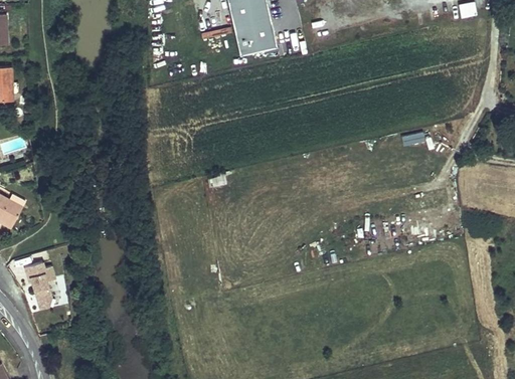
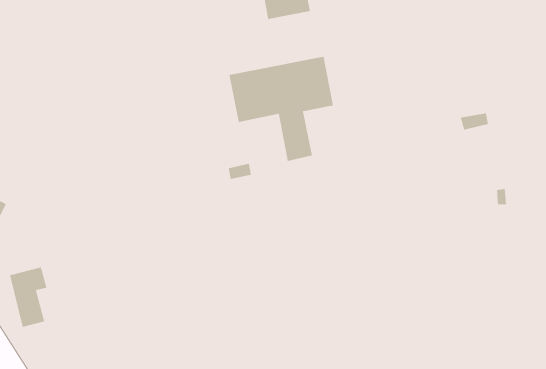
building: none -> [229,56,334,162]

